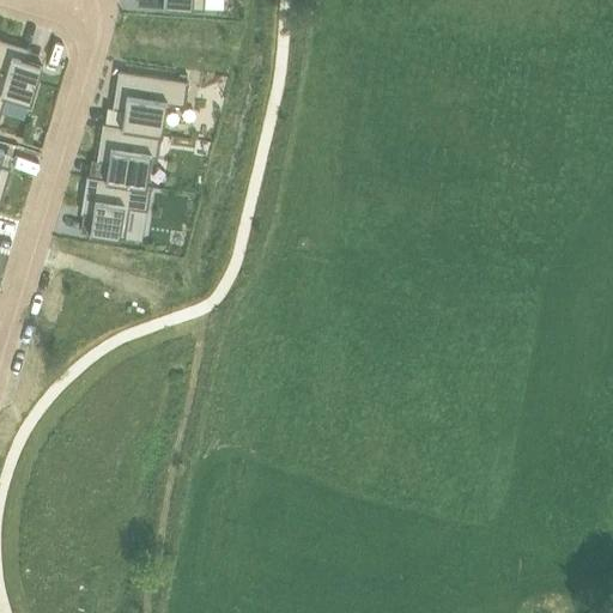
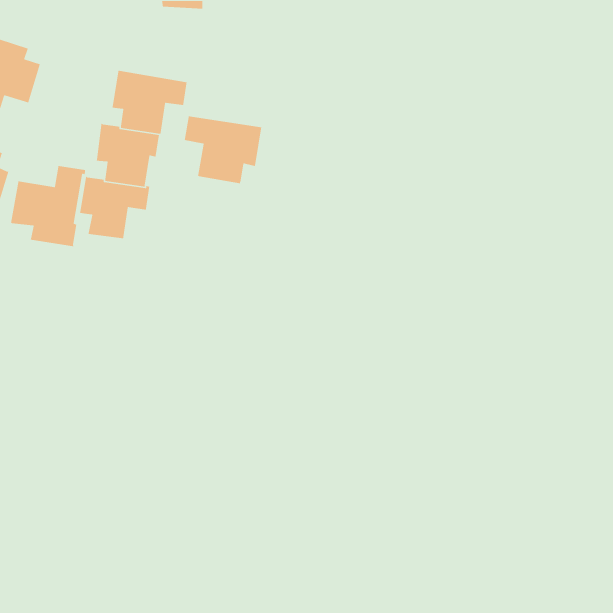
building: none -> [184,116,262,184]
building: none -> [10,165,86,247]

